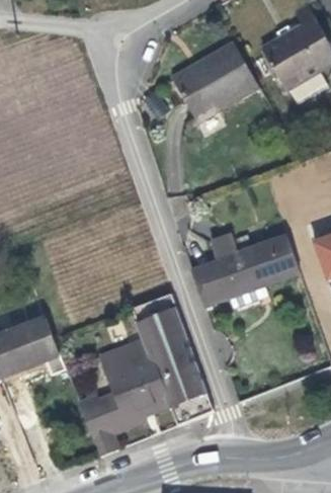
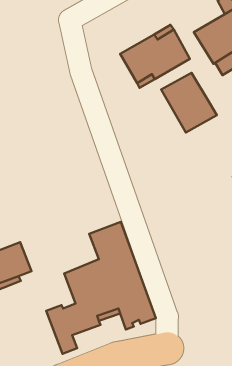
building: none -> [161,73,217,133]
building: [189,233,297,306] -> none

